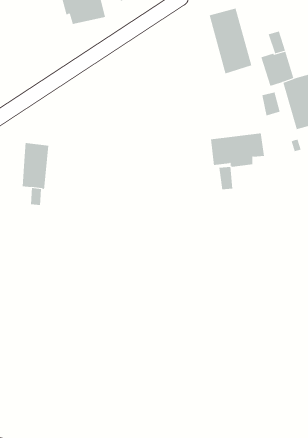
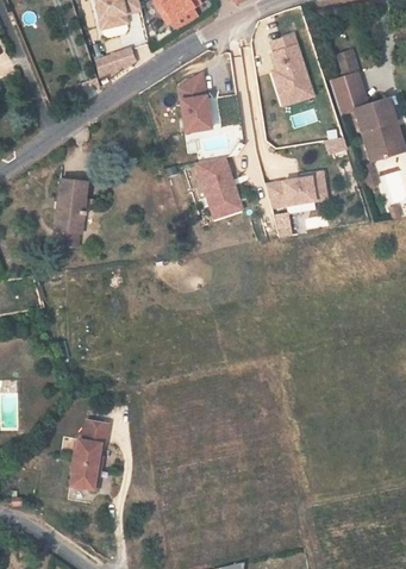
building: none -> [98,45,138,71]
building: none -> [176,73,214,131]
building: none -> [196,151,245,218]
building: none -> [69,431,100,499]

